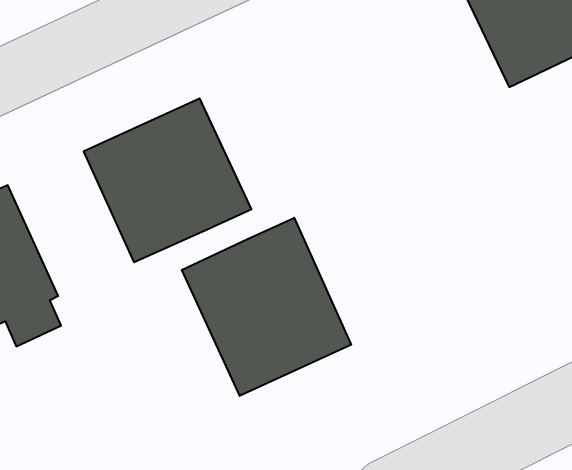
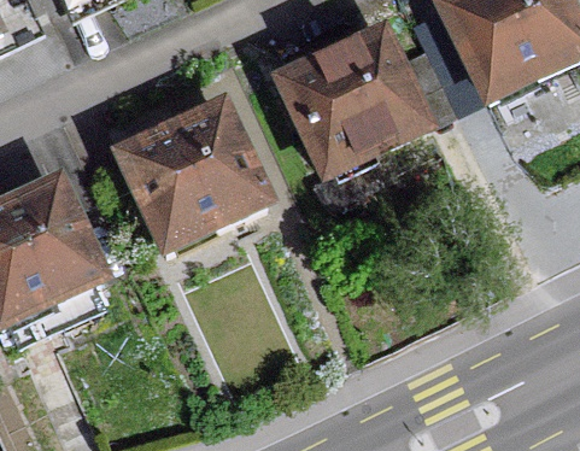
building: none -> [279,36,421,175]
building: [182,218,351,396] -> none

